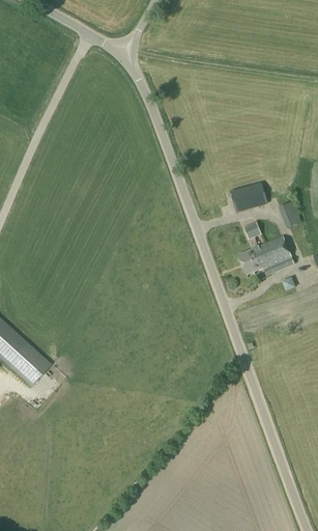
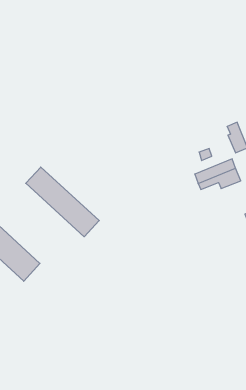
building: [230,180,268,212] -> none
building: none -> [26,167,99,237]

